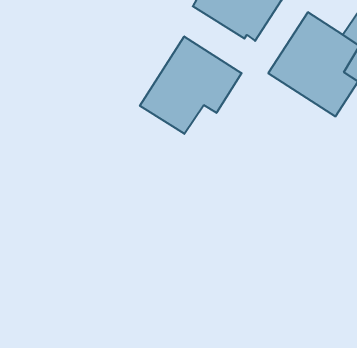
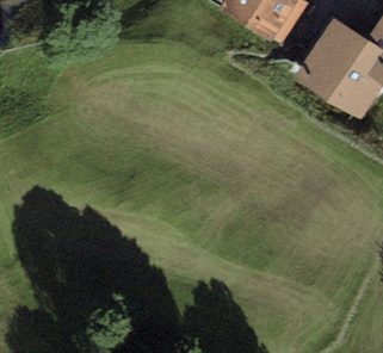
building: [140,36,242,134] -> none

